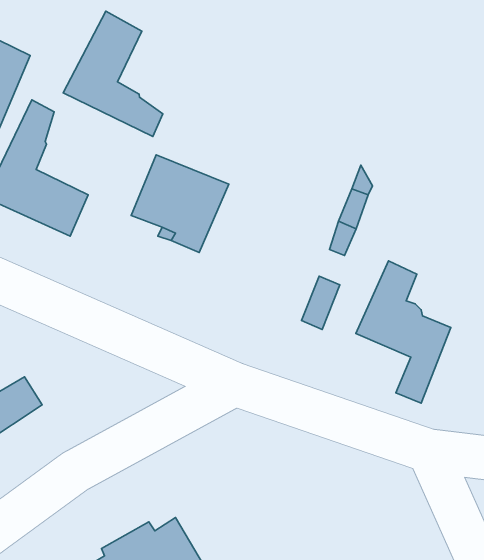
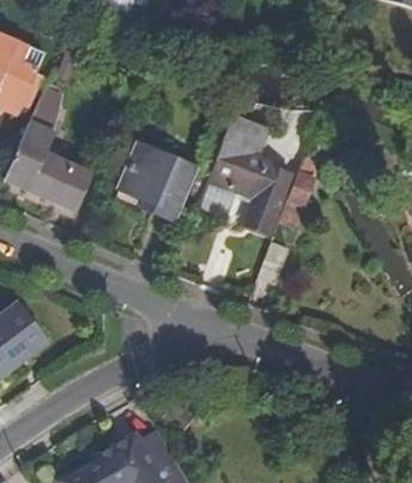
building: [63,11,163,136] -> none
building: [356,261,451,403] -> [216,117,293,231]

